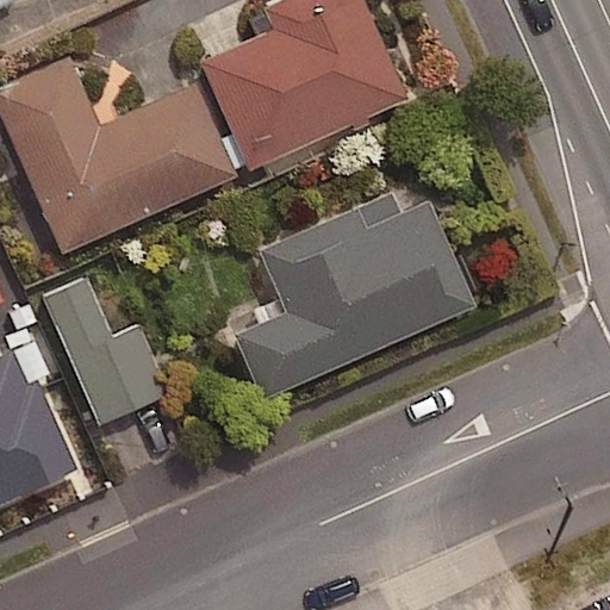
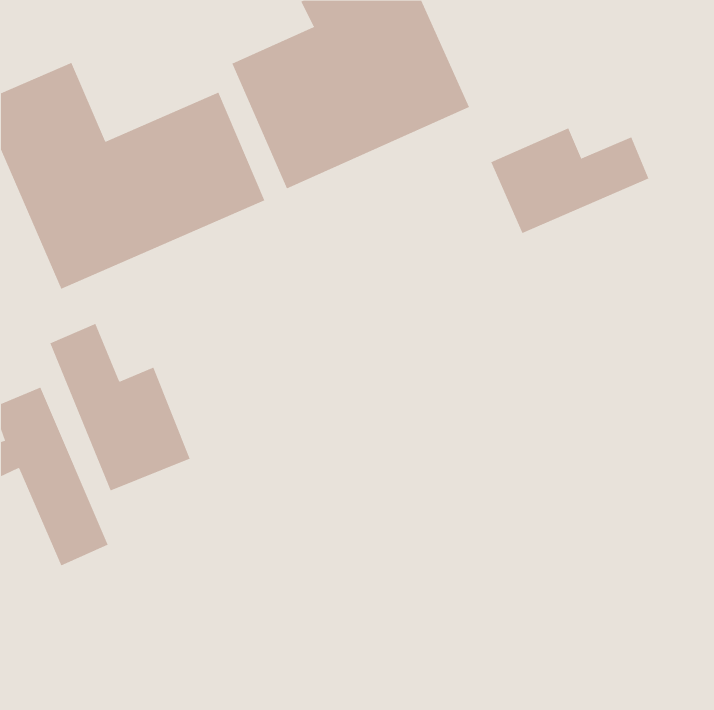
building: none -> [491,127,649,234]
building: [232,195,469,398] -> none

